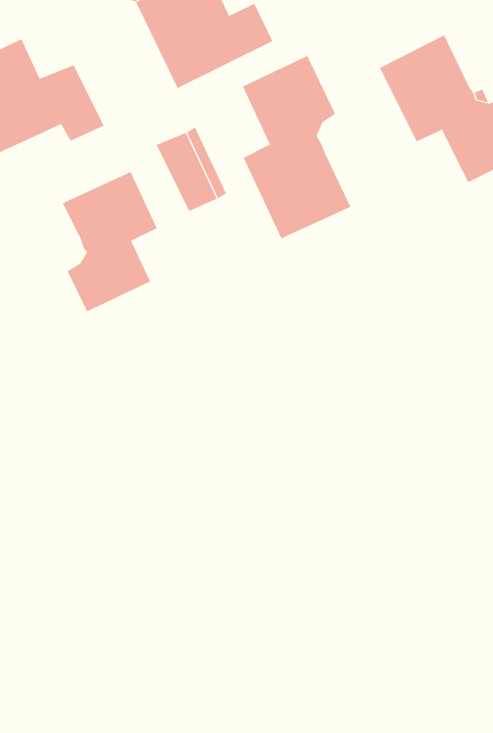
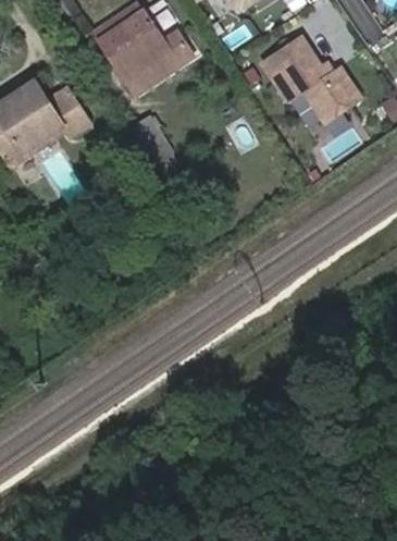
building: [242,55,351,239] -> none
building: [62,171,158,312] -> none

